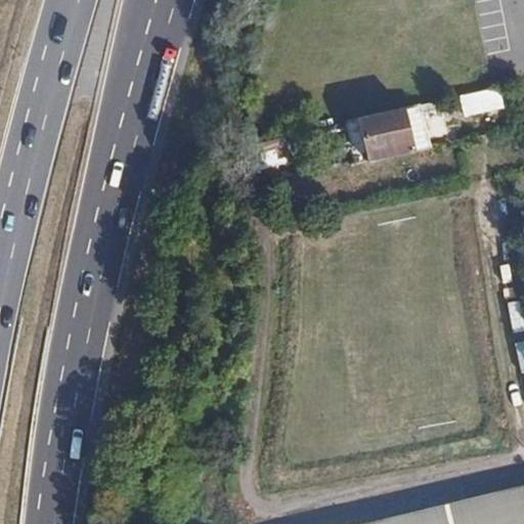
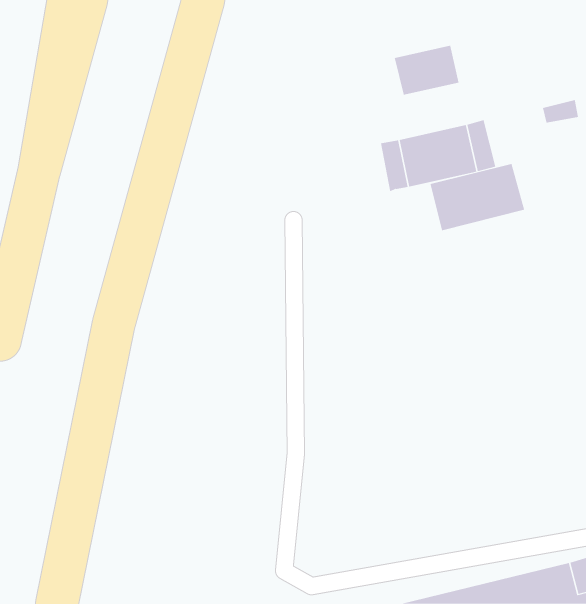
building: none -> [394,45,459,96]
building: none -> [430,163,525,231]

